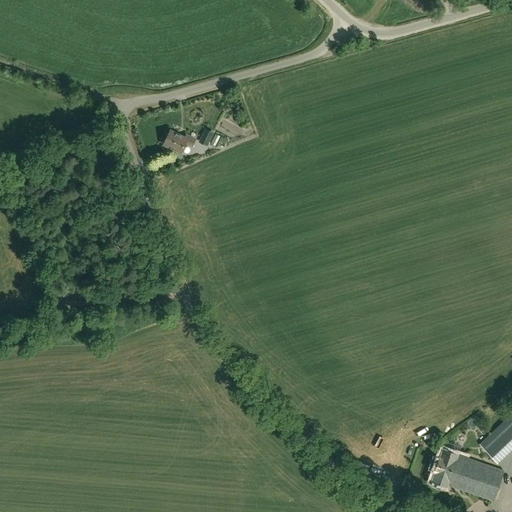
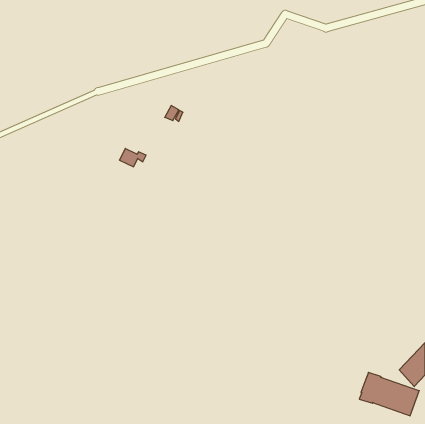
building: [164,130,196,152] -> [119,148,146,167]

